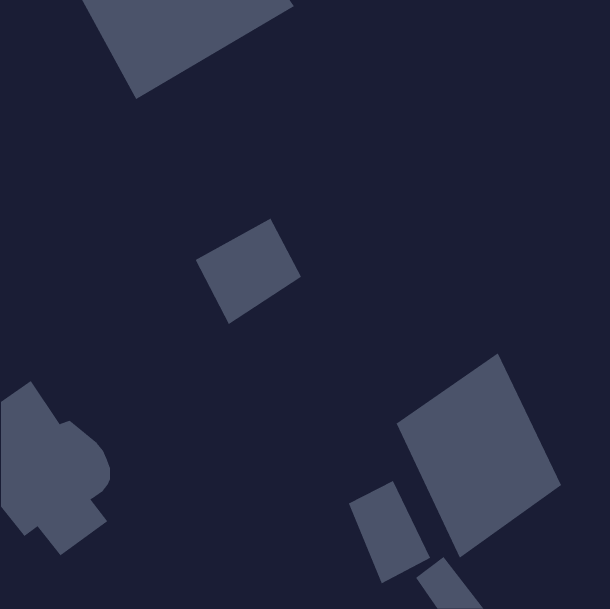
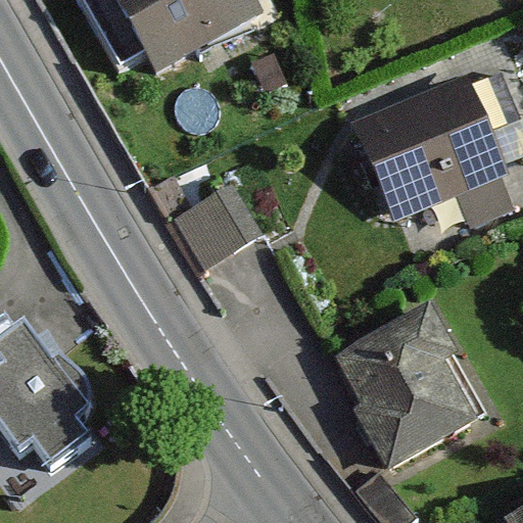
building: none -> [359,72,506,223]
building: [348,480,431,584] -> none

